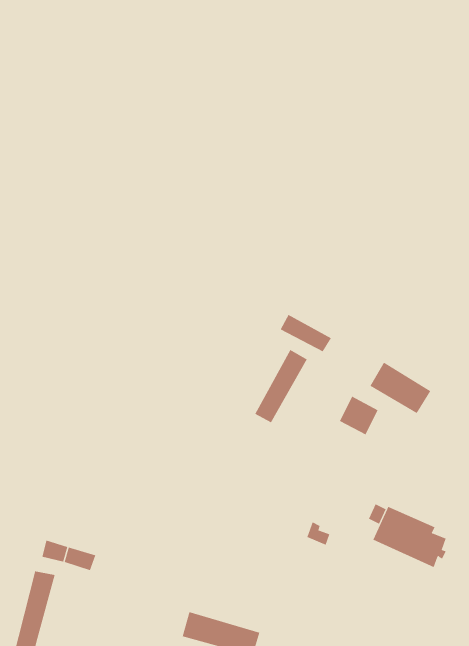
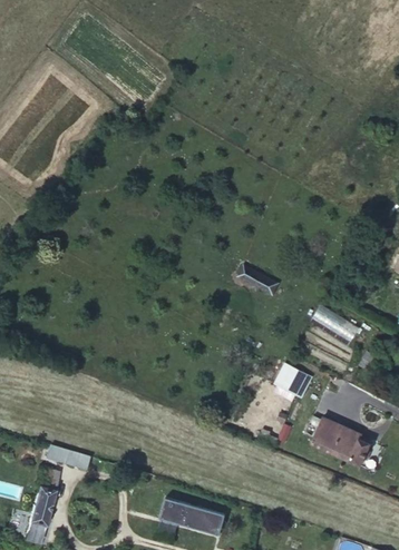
building: [255,349,307,423] -> none
building: [339,396,379,435] -> [278,365,309,396]

